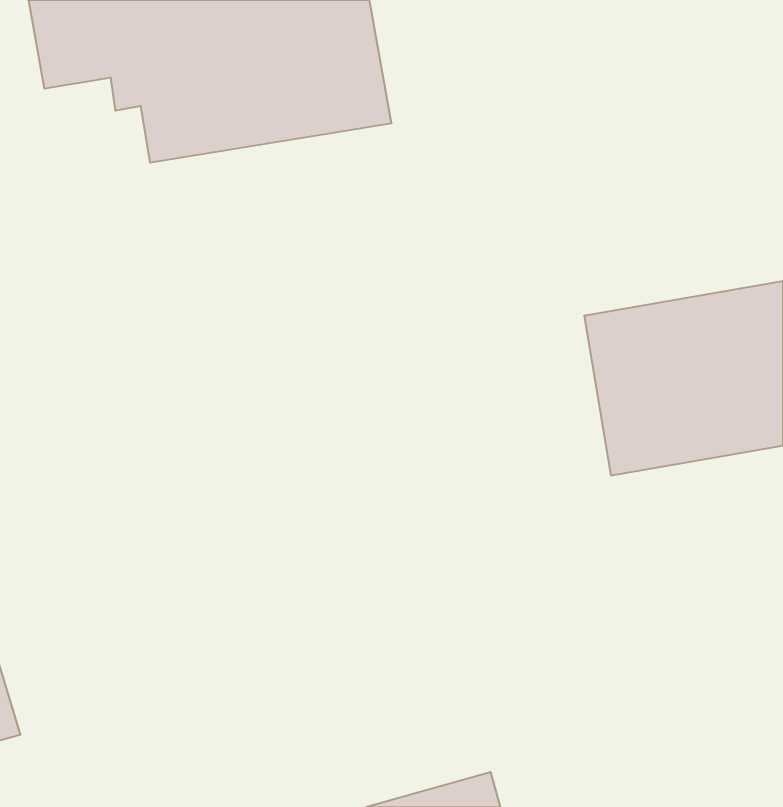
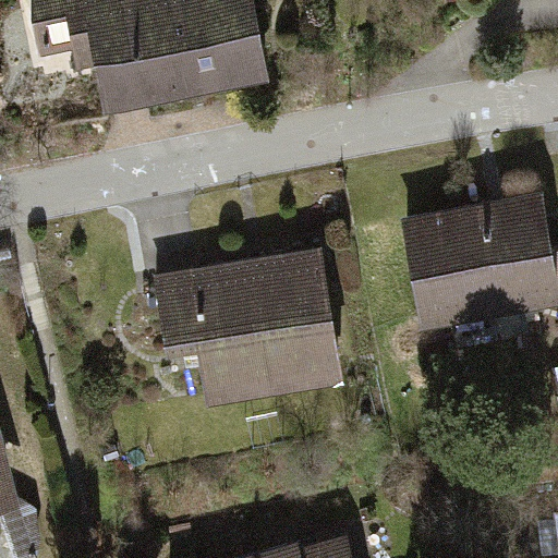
building: none -> [150,251,342,390]

